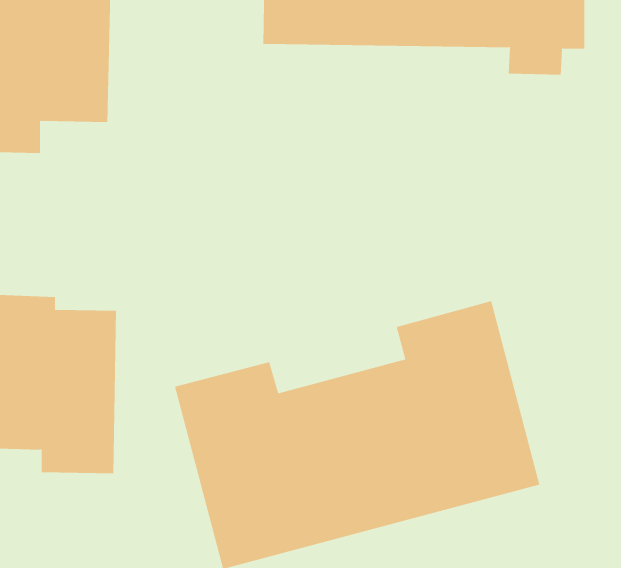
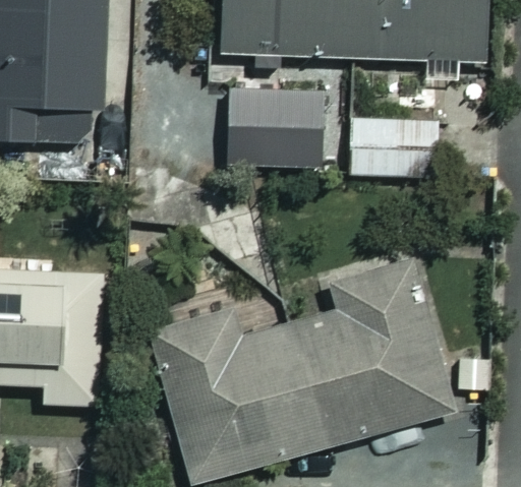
building: none -> [195,99,289,161]
building: none -> [346,115,445,176]

